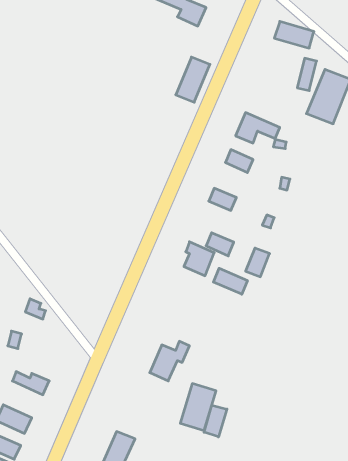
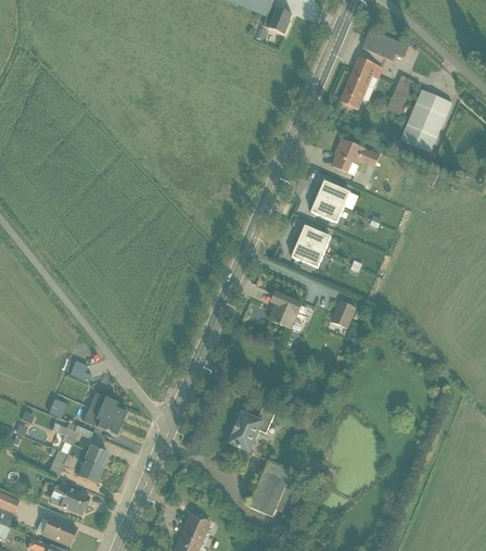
building: [176,57,210,102] -> [337,55,378,109]
building: none -> [308,196,341,223]
building: [206,233,234,256] -> [289,241,321,268]
building: [213,268,247,294] -> none
building: none -> [79,391,123,435]
building: none -> [60,453,100,484]
building: [204,405,227,437] -> none

